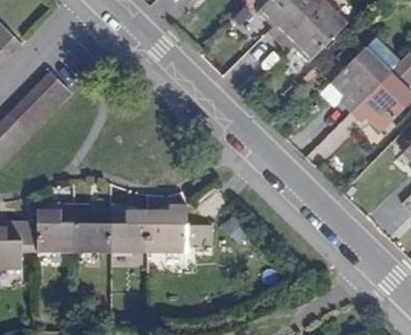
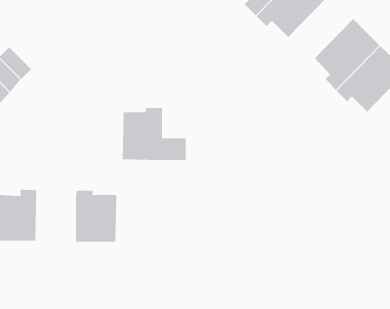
building: [73,204,110,252] -> none
building: [148,204,208,253] -> [122,107,187,160]

